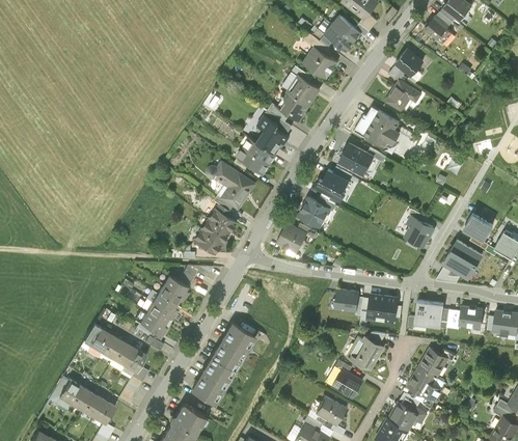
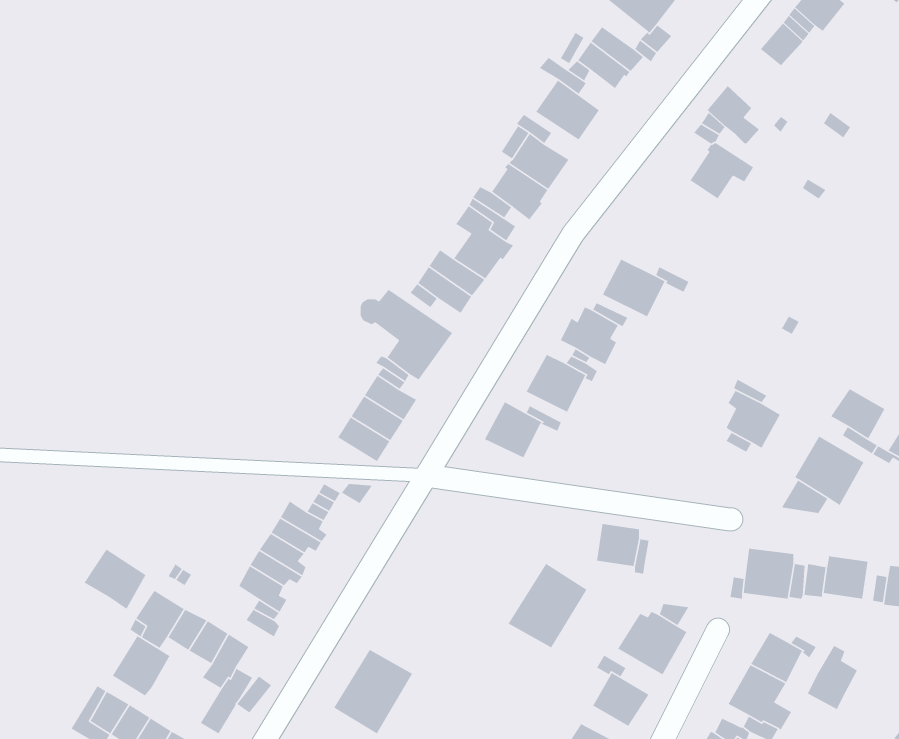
building: [354,106,400,147] -> none
building: [366,293,398,323] -> none
building: none -> [83,549,146,610]
building: [212,323,255,369] -> [508,563,588,649]
building: none -> [112,635,170,697]
building: none -> [807,645,858,710]

